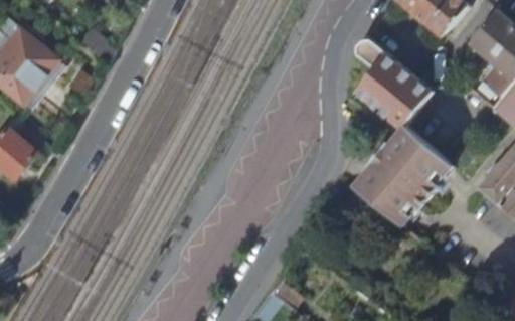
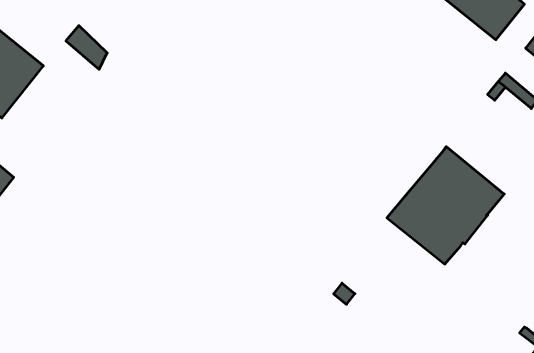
building: [354,36,434,131] -> none

